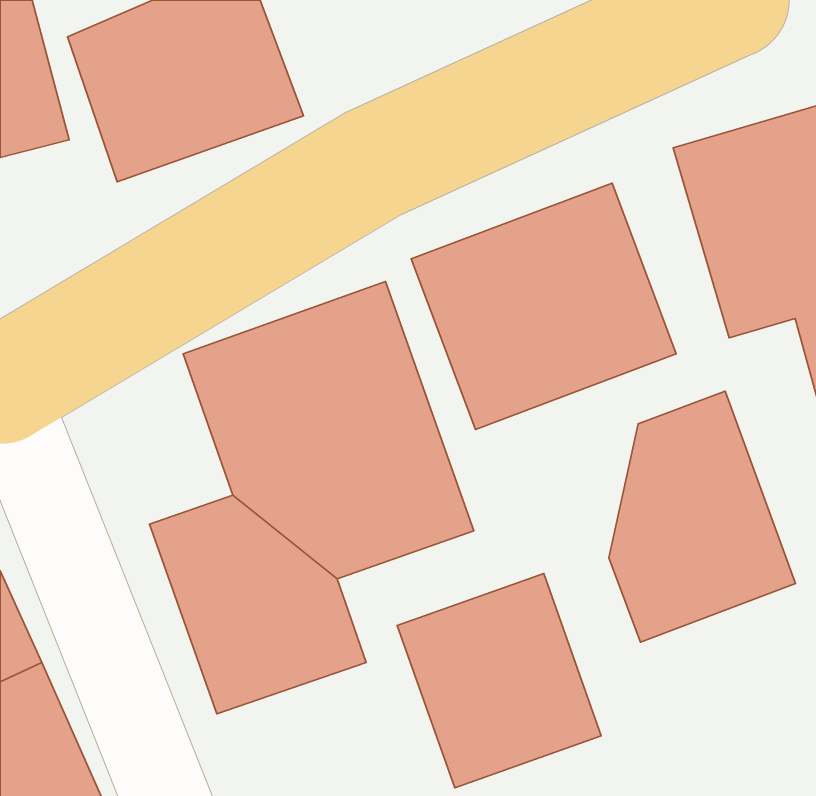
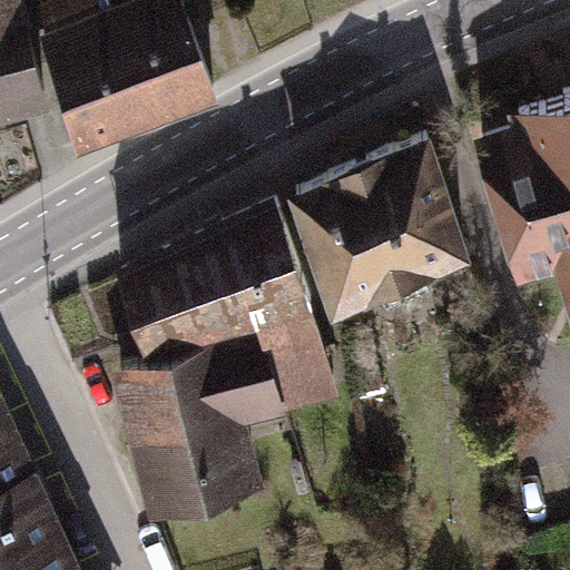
building: [609,391,795,642] -> none
building: [397,574,601,788] -> none

